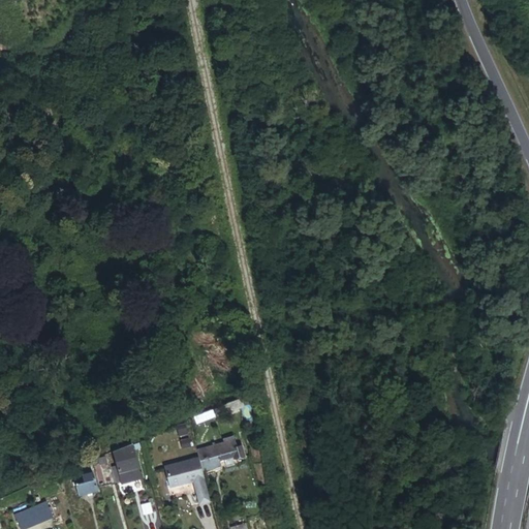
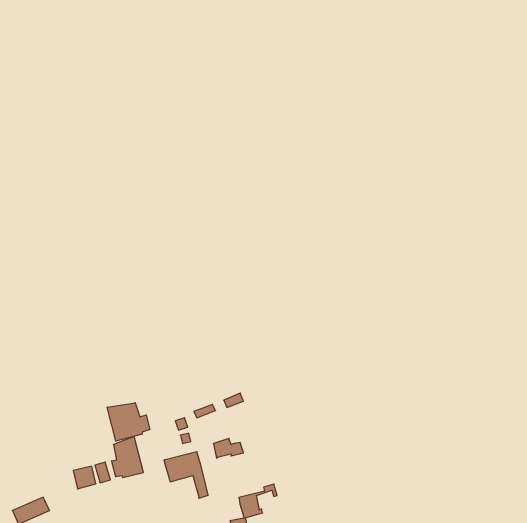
building: none -> [107,403,150,441]
building: [196,437,235,471] -> [239,484,277,518]

